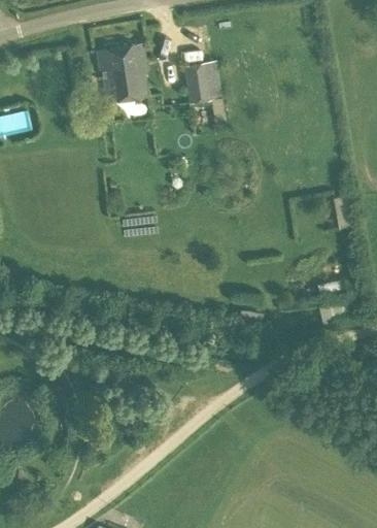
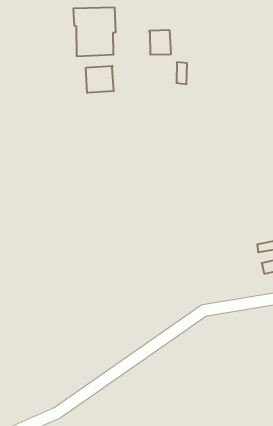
building: none -> [86,66,114,93]

